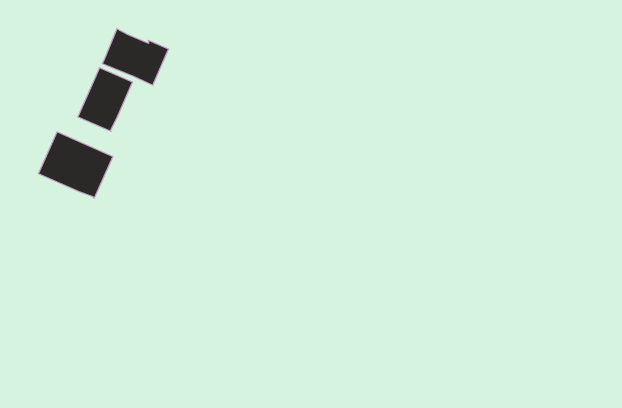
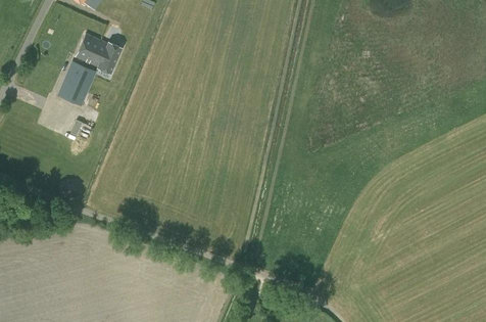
building: [38,132,113,198] -> none

